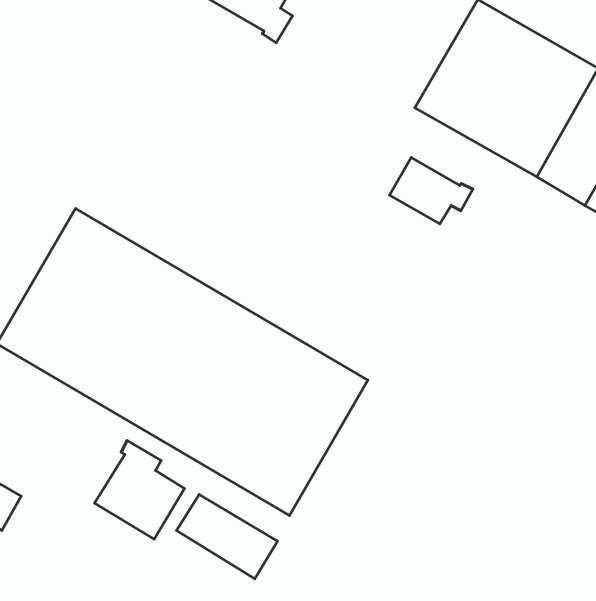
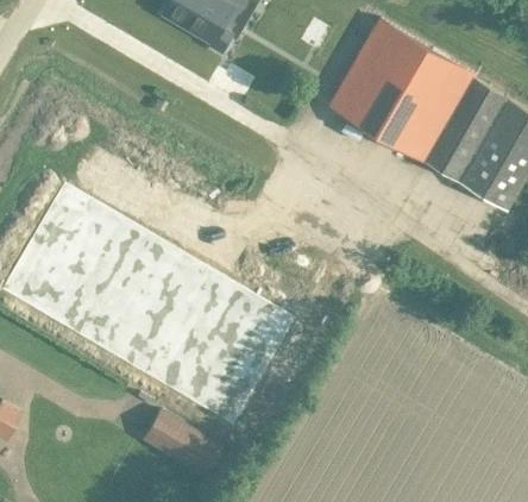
building: [390,157,473,224] -> none
building: [95,440,185,539] -> none

